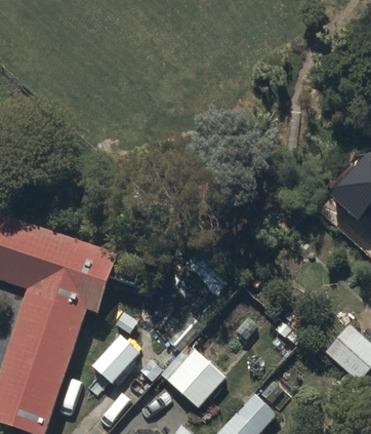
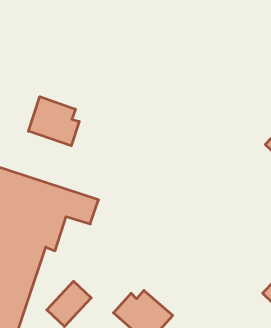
building: none -> [28,97,79,146]

